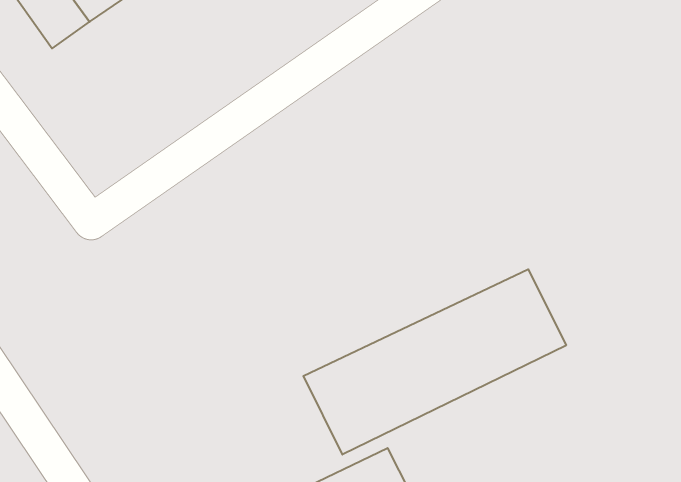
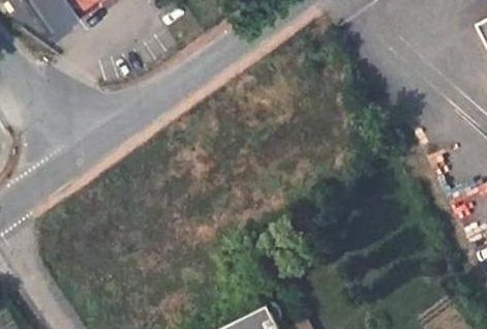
building: [303,269,566,455] -> none

